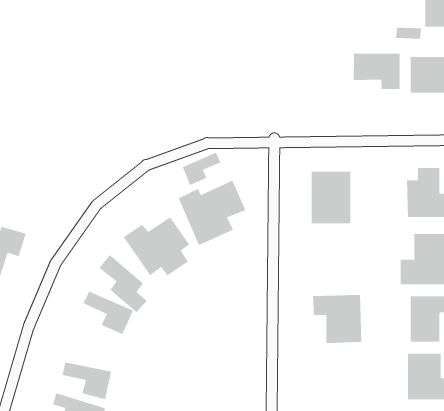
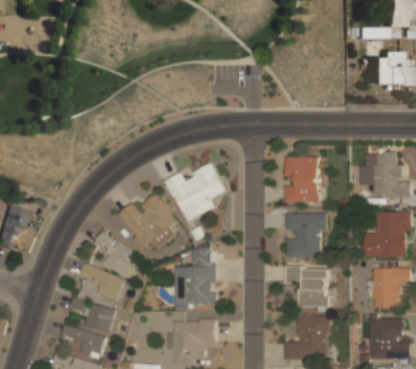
building: [353,53,400,90] -> none
building: [182,152,221,186] -> none
building: none -> [286,213,325,257]
building: none -> [173,246,215,308]
building: none -> [71,297,115,331]
building: none -> [283,316,328,359]
building: none -> [166,318,217,360]

